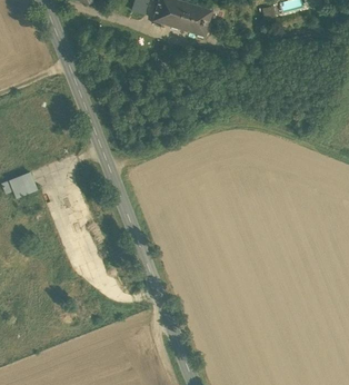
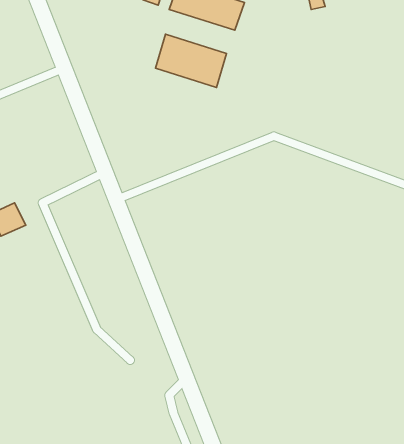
building: none -> [155,34,226,88]

